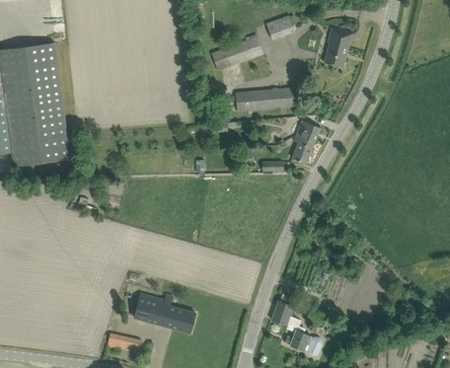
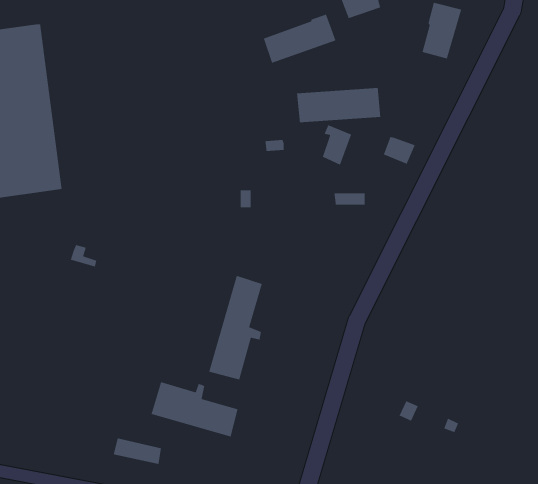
building: [292,135,313,164] -> [322,124,352,166]
building: none -> [208,275,263,381]
building: [270,300,322,357] -> none

